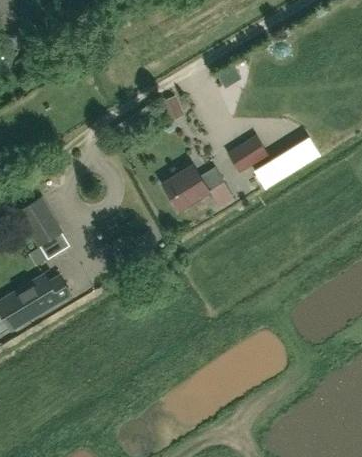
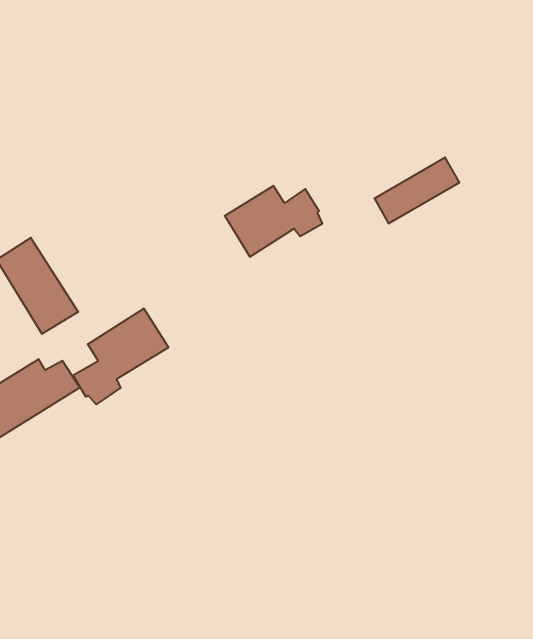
building: [227,135,267,172] -> none
building: none -> [73,308,168,404]

